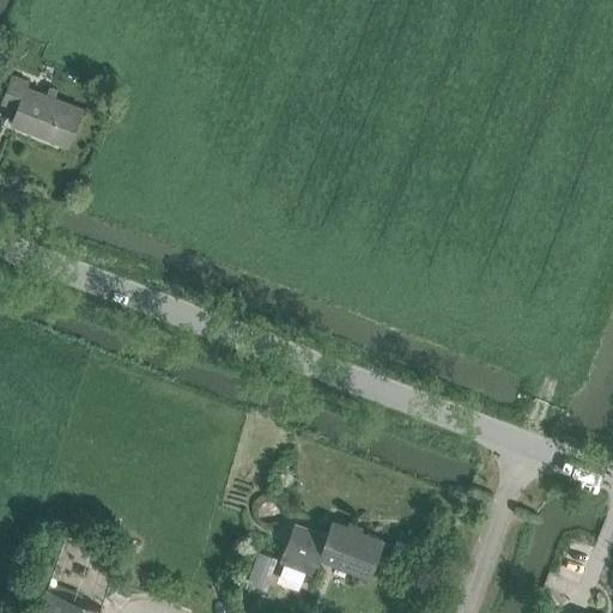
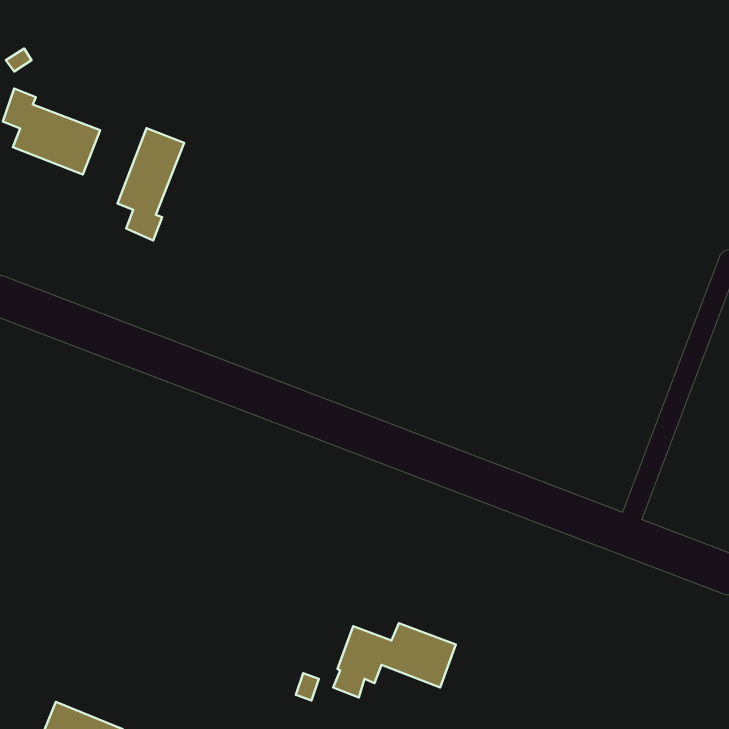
building: none -> [117,128,184,240]

